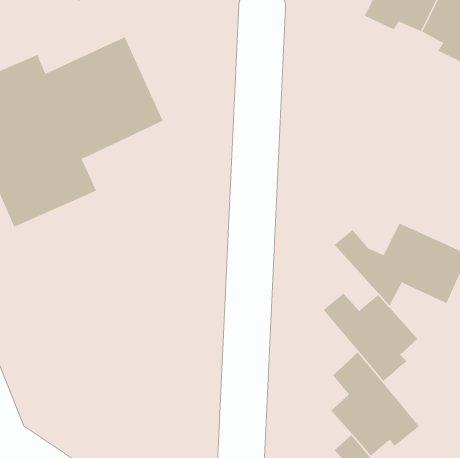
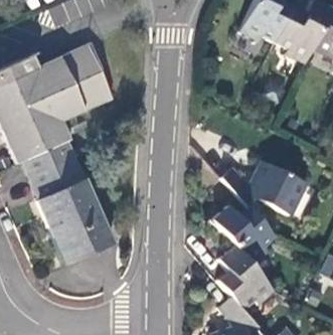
building: none -> [25,143,112,261]

